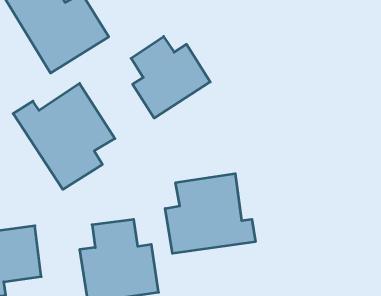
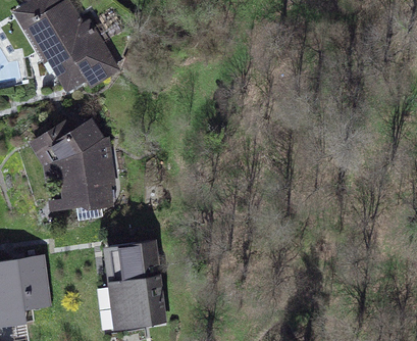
building: [131,36,210,118] -> none
building: [165,174,255,253] -> none

